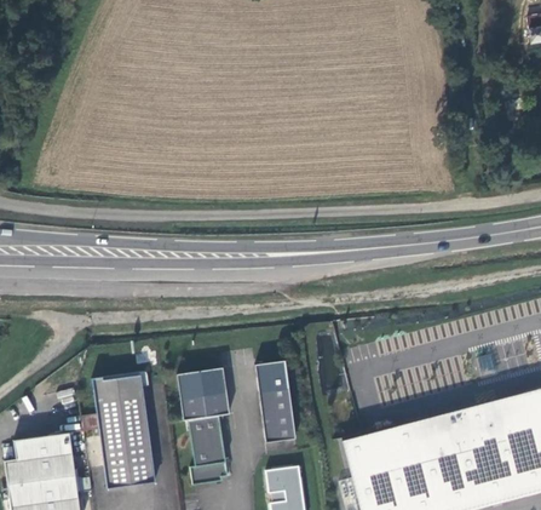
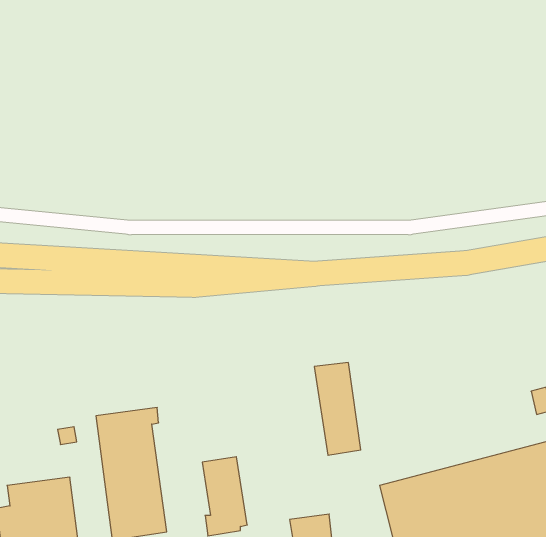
building: [253,361,294,443] -> [314,363,361,455]
building: [175,368,229,422] -> none

